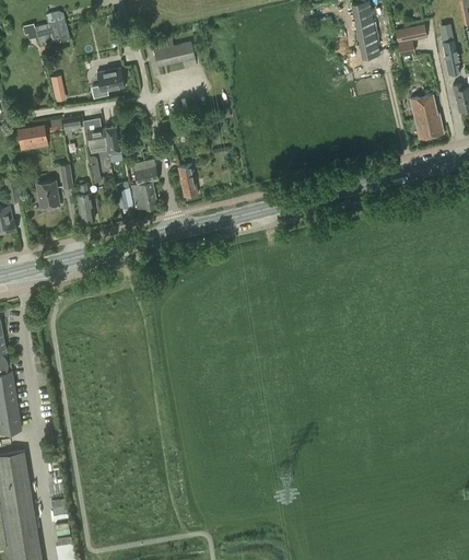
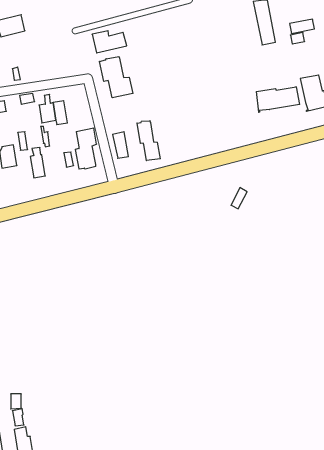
building: [96,68,124,92] -> none
building: none -> [99,57,133,98]
building: none -> [256,87,300,112]
building: none -> [137,121,160,161]

